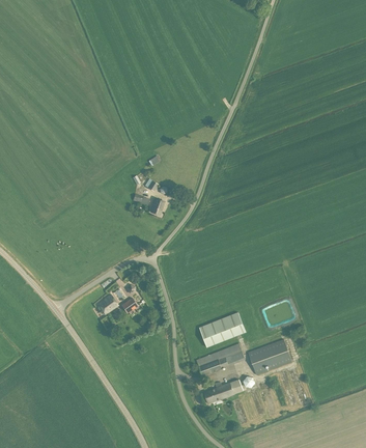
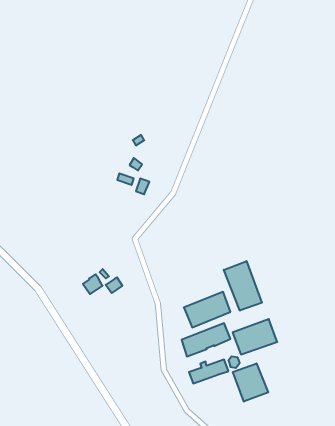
building: none -> [224,261,262,311]
building: none -> [233,363,268,402]

